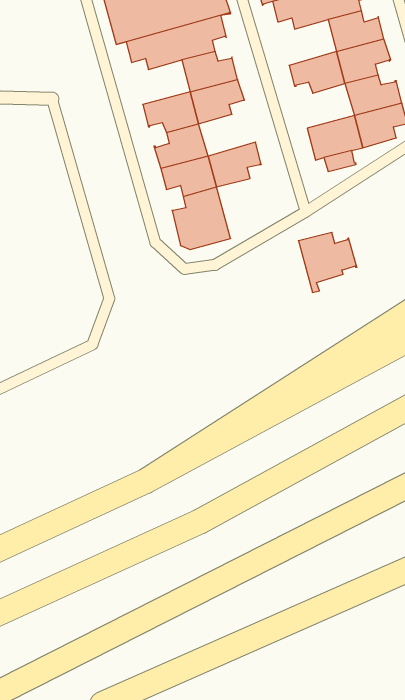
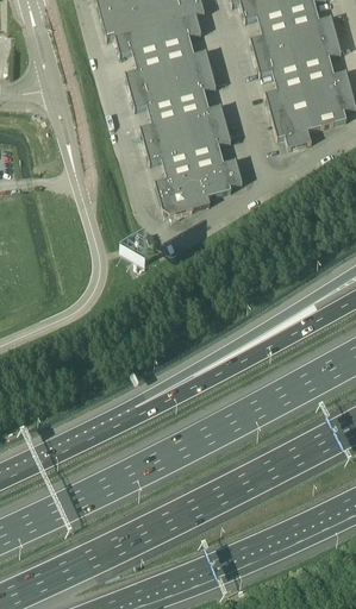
building: none -> [250,18,295,57]
building: none -> [125,52,170,90]
building: none -> [264,73,311,111]
building: none -> [177,99,226,134]
building: [298,232,357,292] -> [193,153,243,205]

